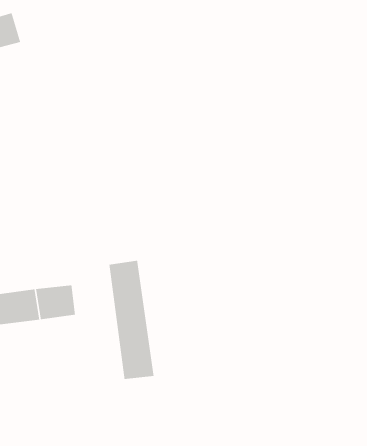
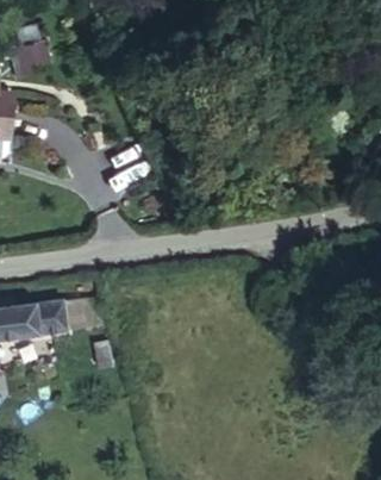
building: [109,260,154,380] -> none

